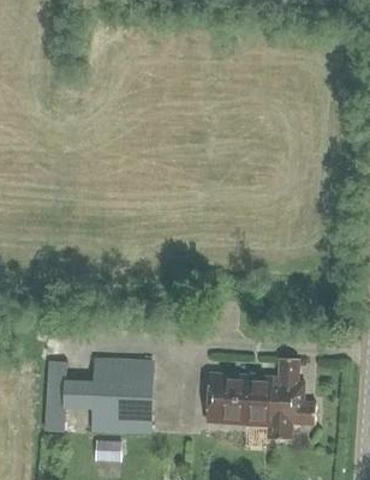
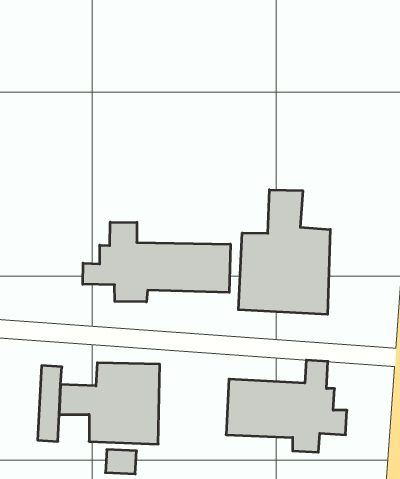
building: none -> [238,190,330,314]
building: none -> [83,222,230,302]

